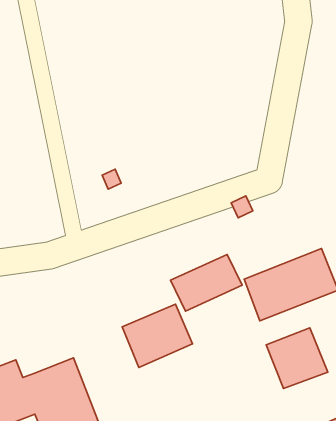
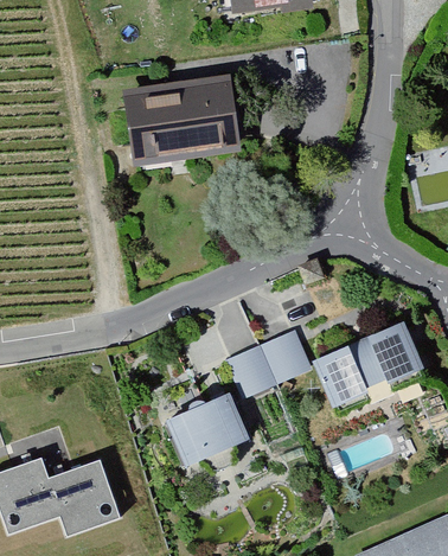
building: none -> [124,77,242,162]
building: [266,328,328,389] -> none

